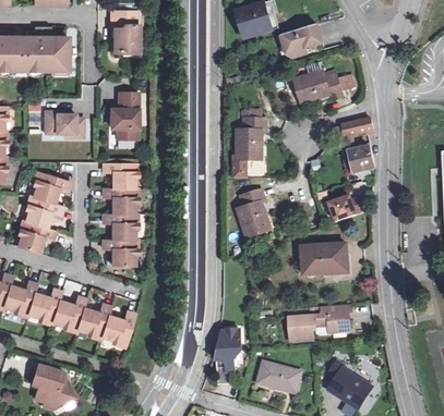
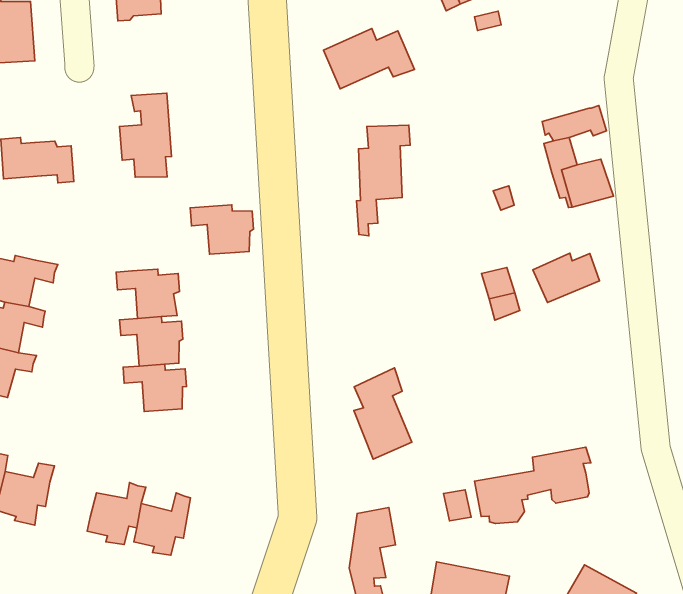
building: [293,71,343,102] -> [323,29,415,89]
building: [100,162,134,188] -> [190,205,254,254]
building: [239,186,269,235] -> [354,368,412,459]
building: [305,243,349,273] -> none
building: [49,296,83,331] -> none

